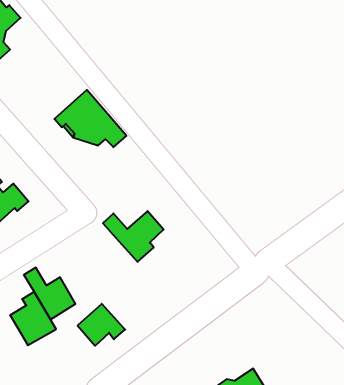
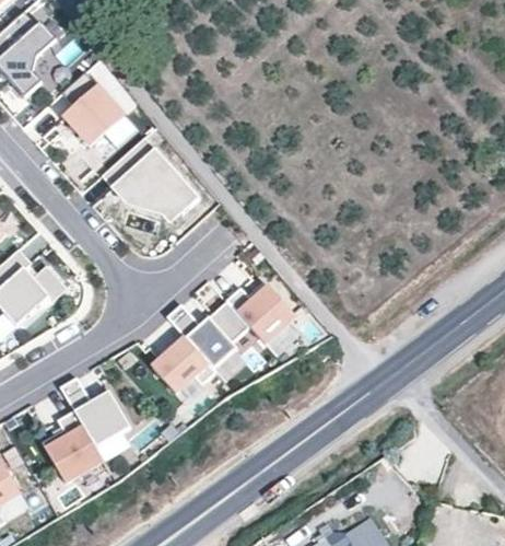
building: none -> [61,71,124,146]
building: none -> [226,281,296,345]
building: [78,304,125,346] -> [152,337,216,394]

